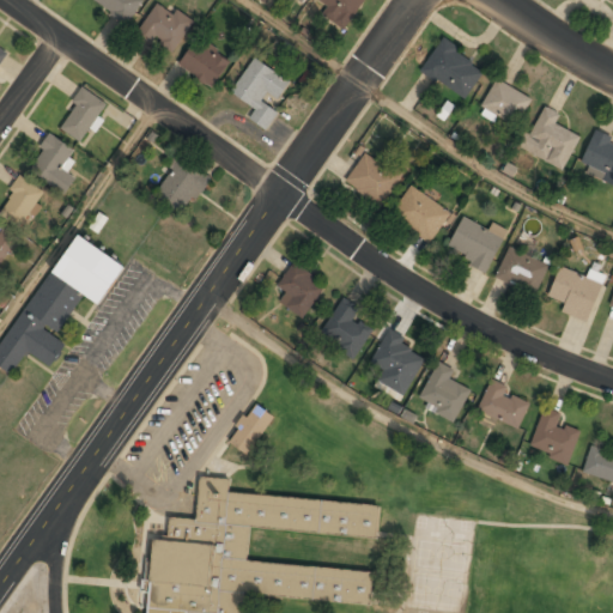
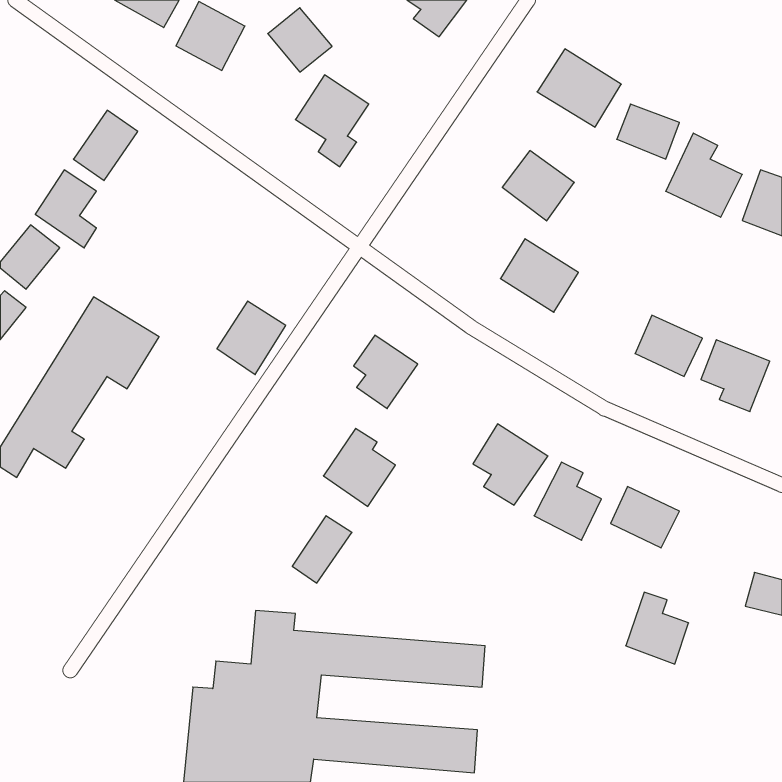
building: [180,38,230,89] -> [268,8,332,72]
building: [346,152,402,207] -> [502,151,574,221]
building: [156,158,210,216] -> [217,301,286,375]
building: [447,218,506,272] -> none
building: [320,298,376,359] -> [323,428,395,506]
building: [530,407,579,463] -> [626,592,689,664]

